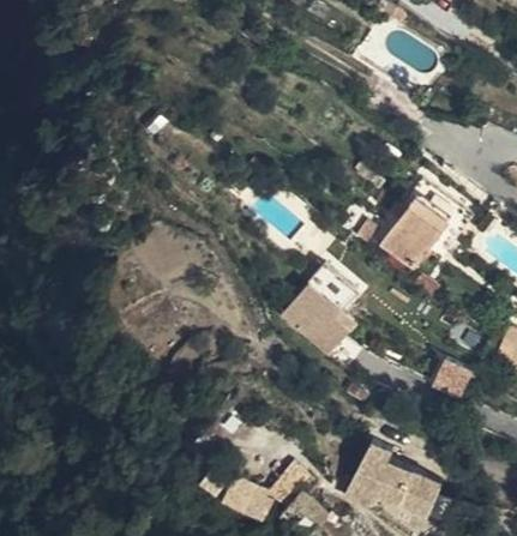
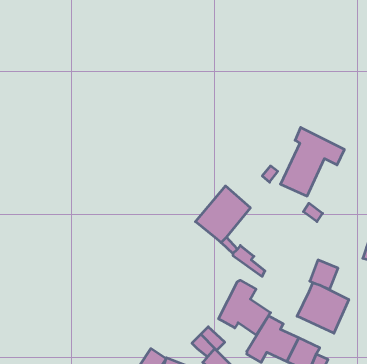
building: none -> [219,280,271,335]
building: none -> [297,283,349,333]

